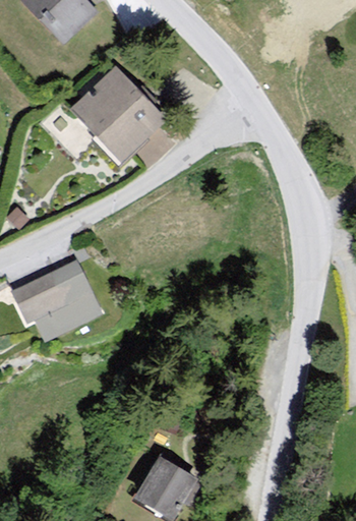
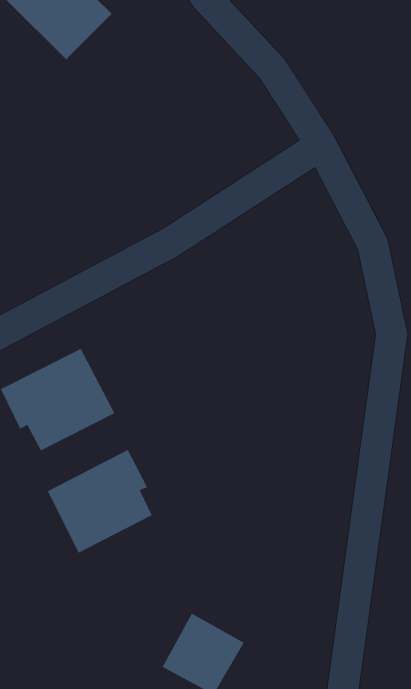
building: [70,63,167,160] -> none
building: none -> [47,449,153,554]

